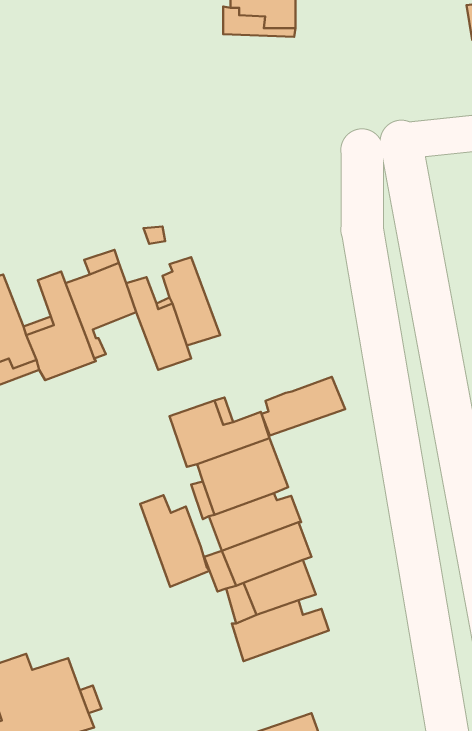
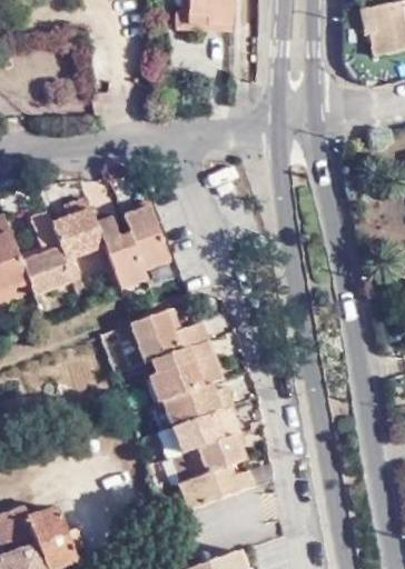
building: [261,377,345,436] -> none
building: [140,495,210,587] -> none

